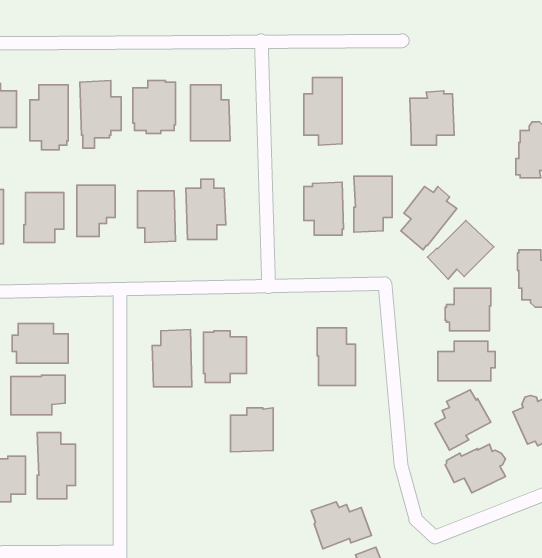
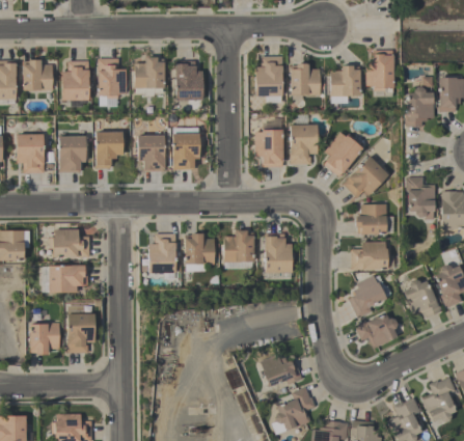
building: none -> [365,49,394,92]
building: none -> [291,63,321,99]
building: [231,408,273,452] -> [224,230,254,261]

